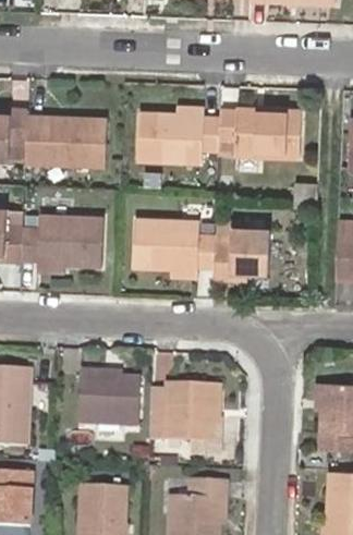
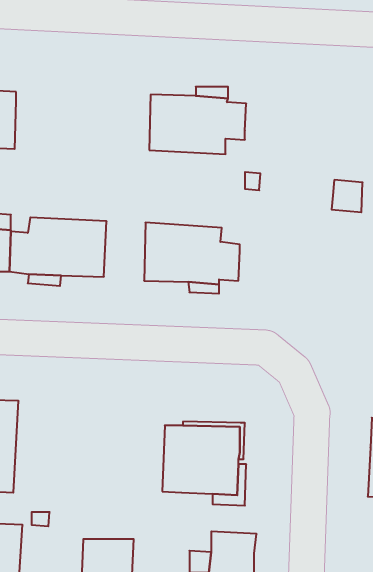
building: [219,106,301,157] -> none
building: [24,115,106,167] -> none
building: [214,228,269,279] -> none
building: [77,369,138,423] -> none

